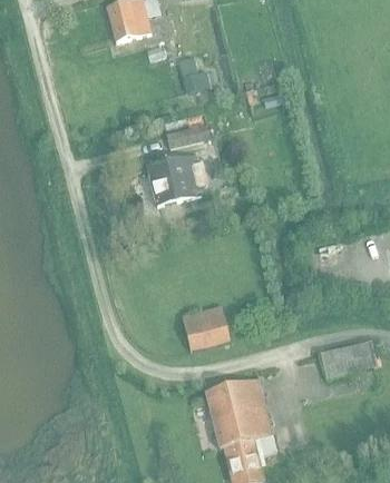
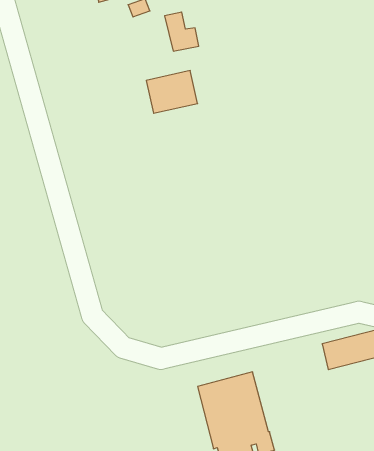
building: [148,155,206,205] -> none
building: [181,300,228,346] -> none

